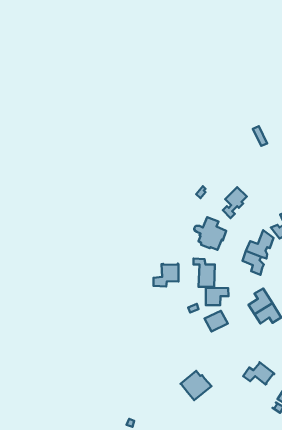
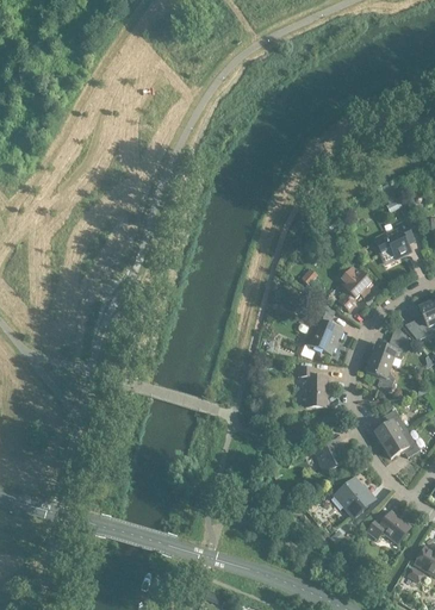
building: none -> [373,220,411,262]
building: [153,264,179,286] -> none
building: [206,288,228,305] -> none
building: [181,371,211,400] -> [333,477,375,517]

